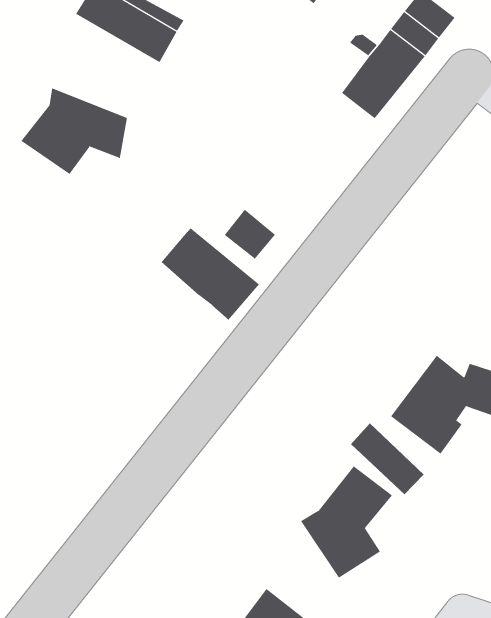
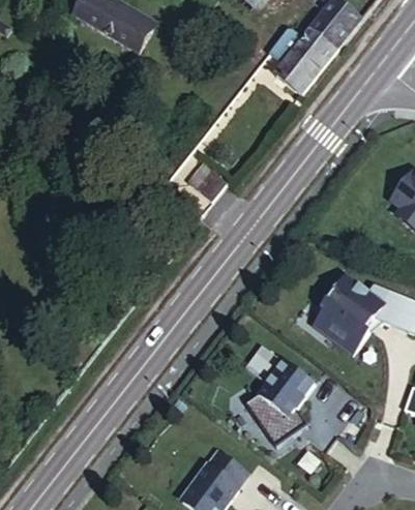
building: [21,88,128,175] -> none
building: [161,228,260,320] -> none
building: [350,423,425,495] -> none

